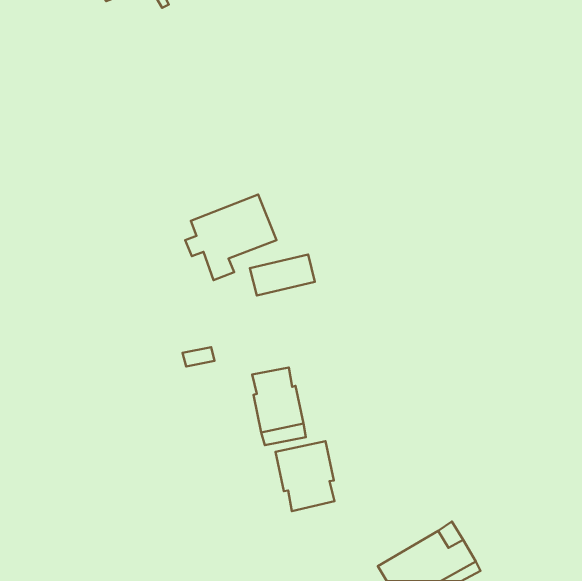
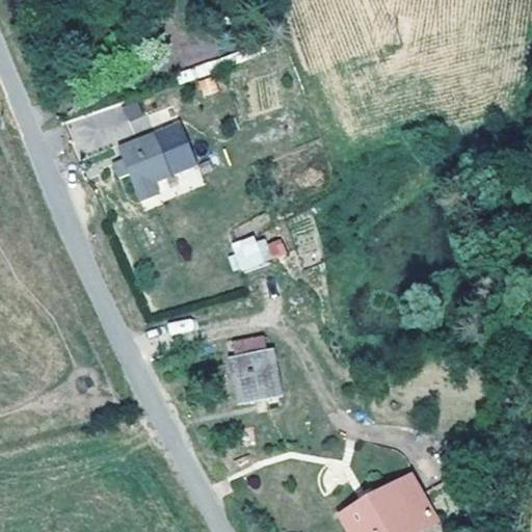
building: [185,195,276,280] -> [110,123,193,201]
building: [275,441,335,511] -> none

